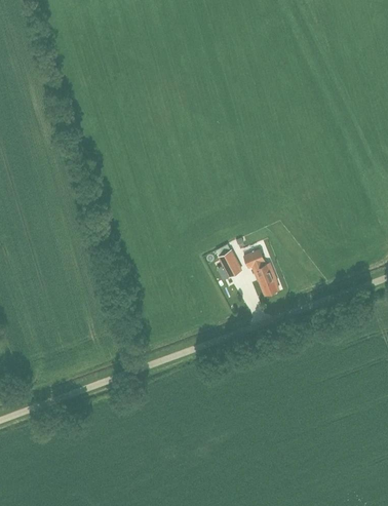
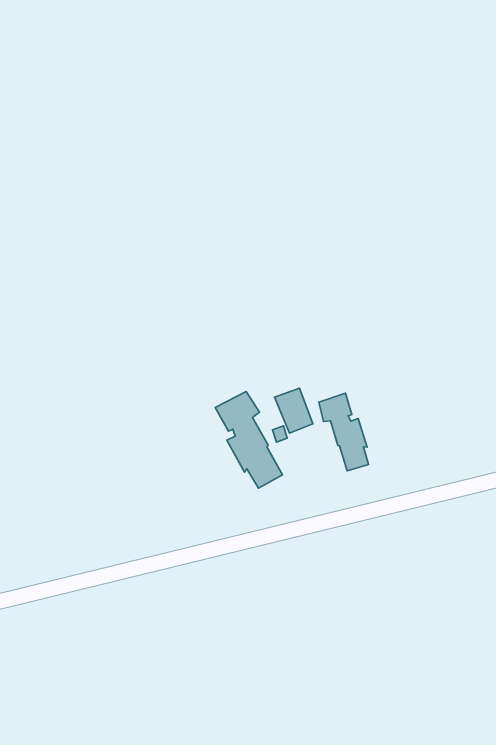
building: none -> [215,392,282,488]

